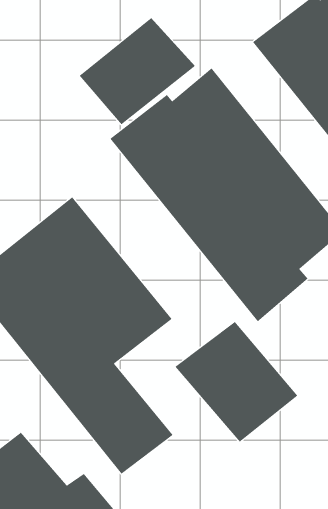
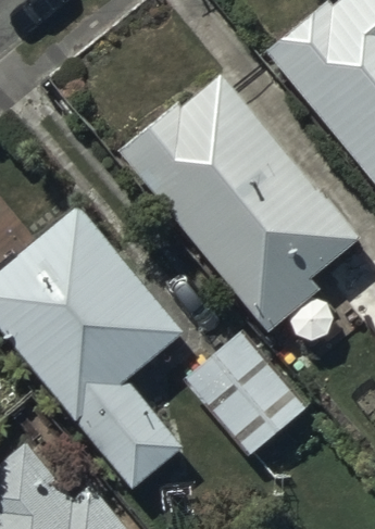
building: [79,17,196,125] -> none

